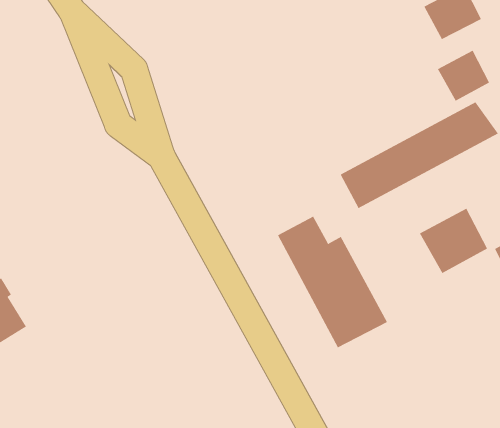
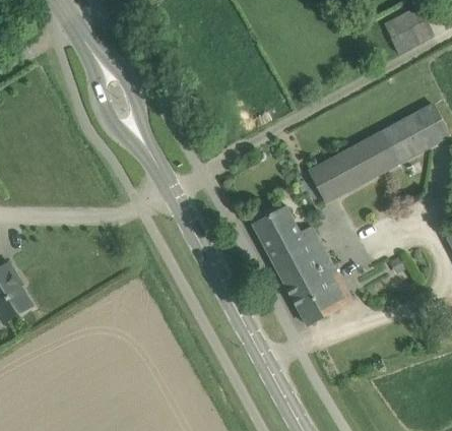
building: [437,50,490,102] -> none
building: [419,208,488,274] -> none

